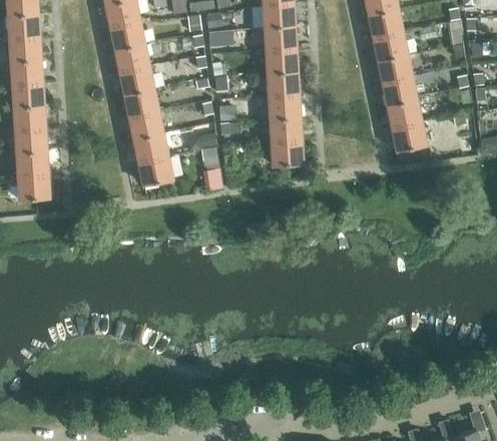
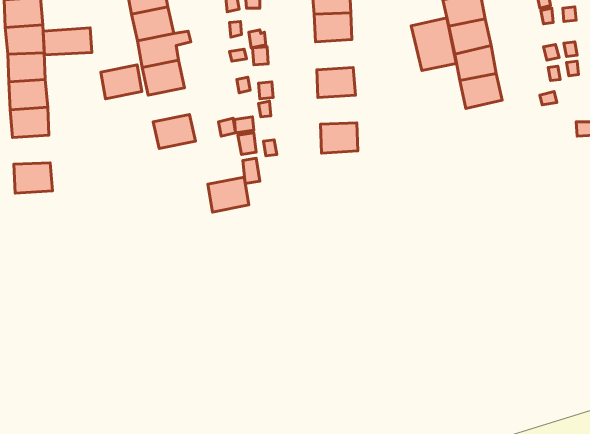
building: none -> [411,18,456,71]
building: none -> [43,28,92,55]
building: [267,71,298,96] -> none
building: [128,111,162,139] -> [101,65,142,99]
building: [269,117,301,141] -> none
building: [391,121,426,151] -> none
building: [16,150,47,174] -> none
building: [137,155,171,184] -> [208,177,249,212]

